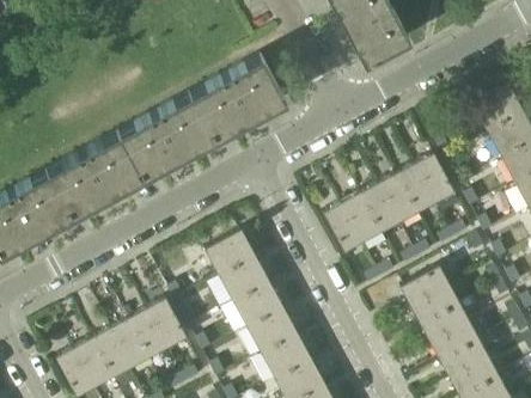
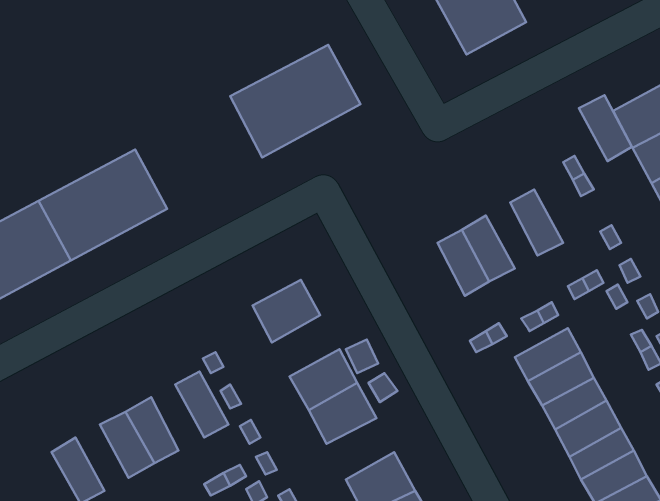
building: [118,96,213,179] -> none
building: [415,155,454,204] -> [579,95,632,161]
building: [379,174,417,224] -> none
building: [324,204,364,253] -> none
building: [220,258,270,304] -> none
building: [130,310,170,359] -> none
building: [261,335,311,380] -> none
building: [74,339,114,388] -> none

